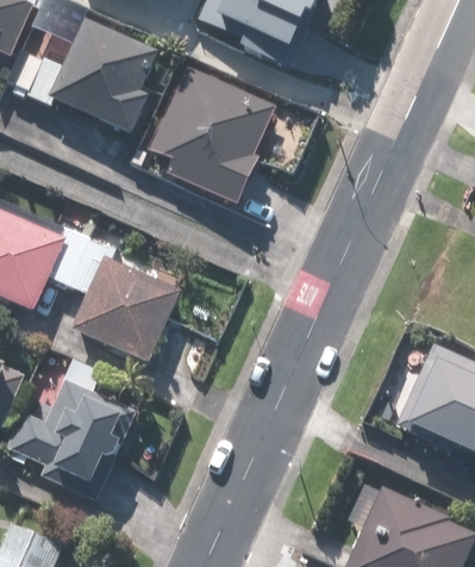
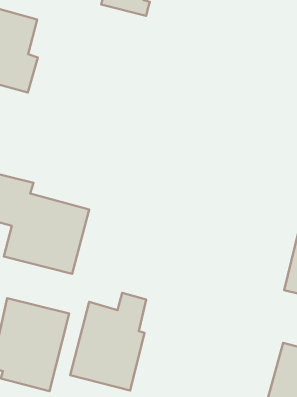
building: [149,66,276,206] -> none
building: none -> [70,293,146,390]

